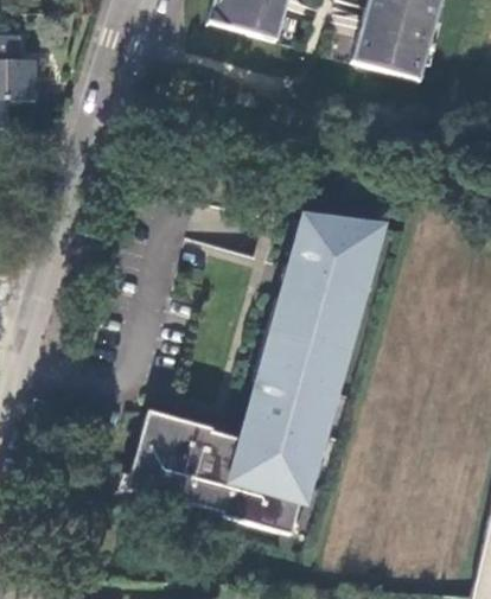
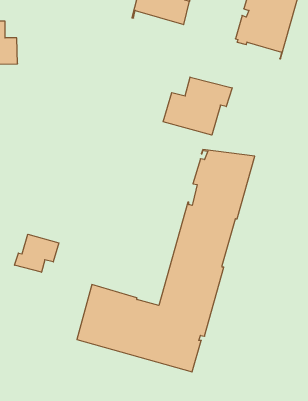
building: none -> [163,77,232,135]
building: none -> [15,234,59,272]

